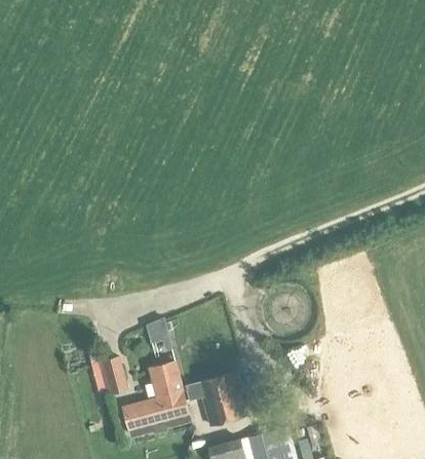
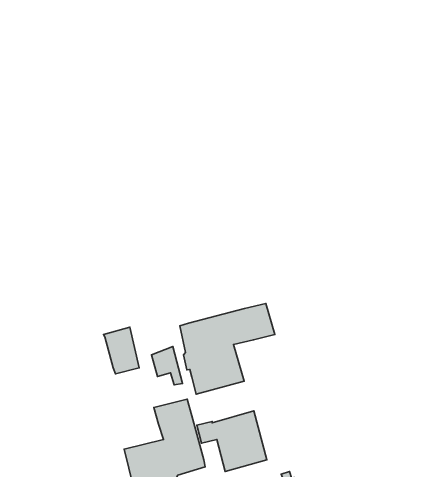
building: none -> [180,303,275,394]
building: [98,355,128,395] -> [104,327,139,374]

